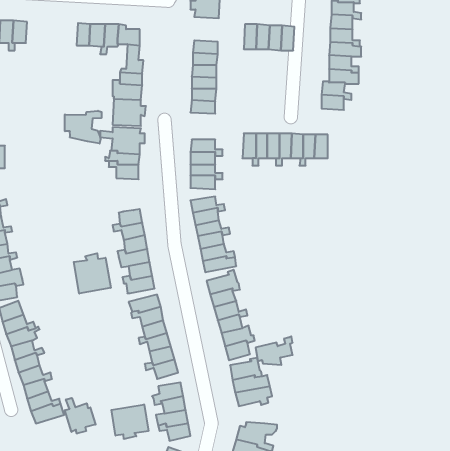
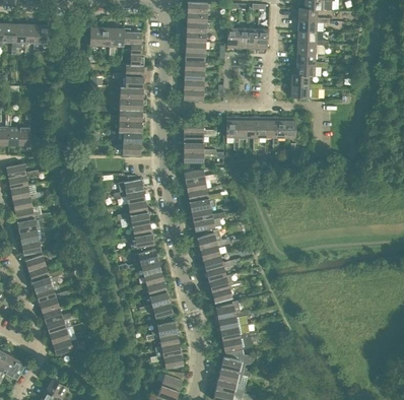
building: none -> [182,21,206,42]
building: [65,111,102,144] -> none
building: [74,253,111,294] -> none
building: [256,336,293,365] -> [222,331,253,354]
building: [65,398,96,434] -> none
building: [111,404,148,439] -> none

